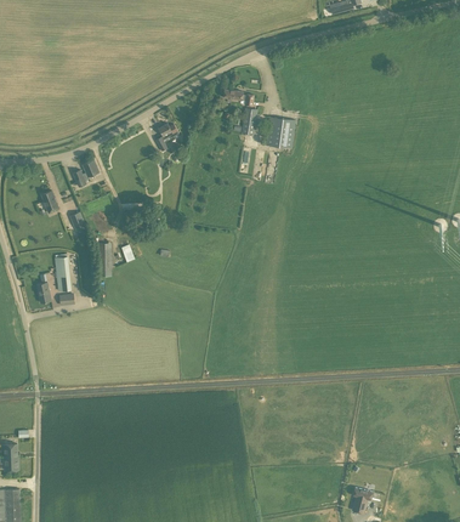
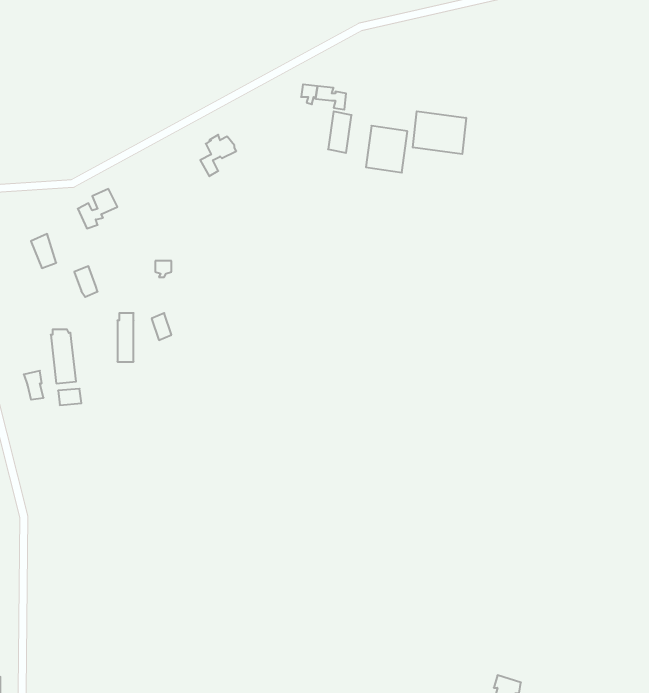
building: none -> [413,111,466,154]

